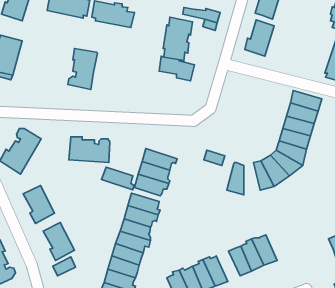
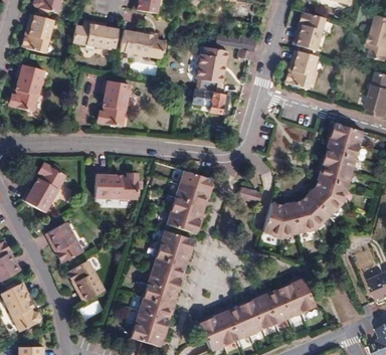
building: none -> [281,200,299,234]
building: [101,167,134,190] -> [178,172,212,196]
building: none -> [252,294,277,326]

